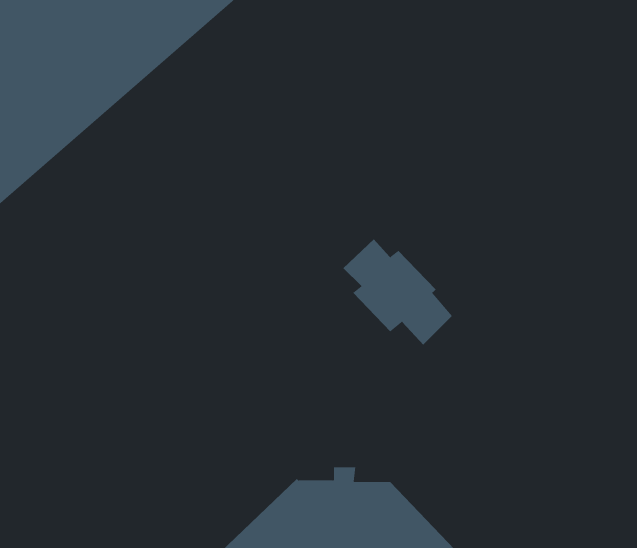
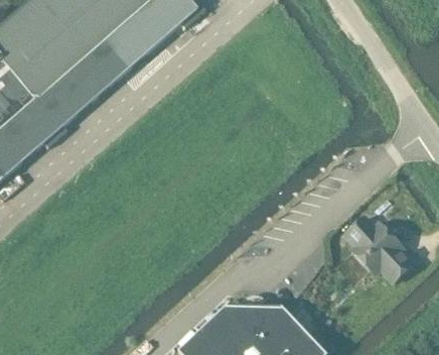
building: [343,239,453,345] -> [342,215,410,280]

